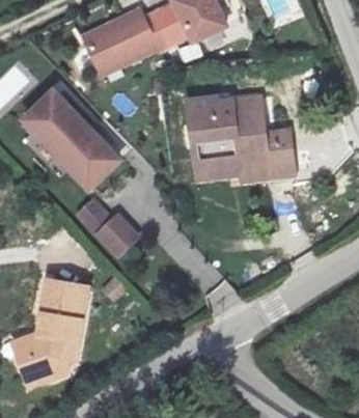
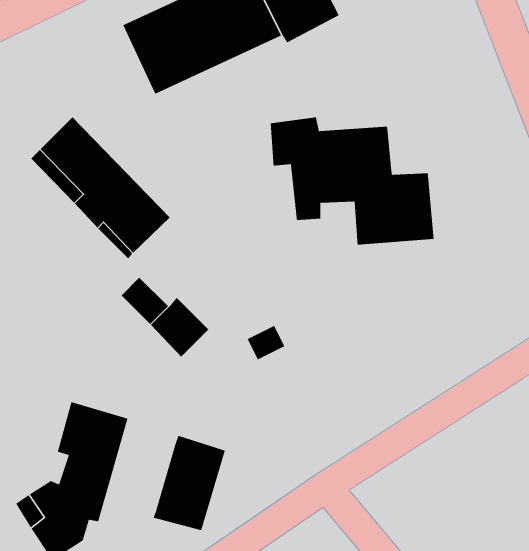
building: [199,149,240,182] -> none
building: none -> [153,435,226,531]

